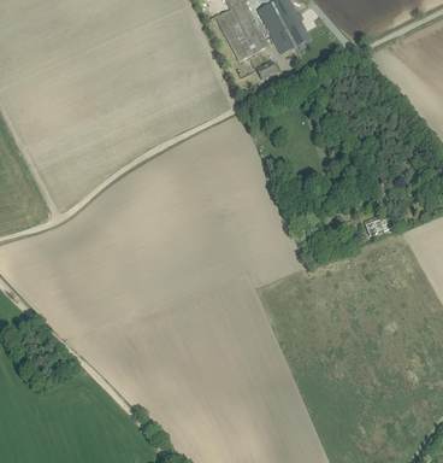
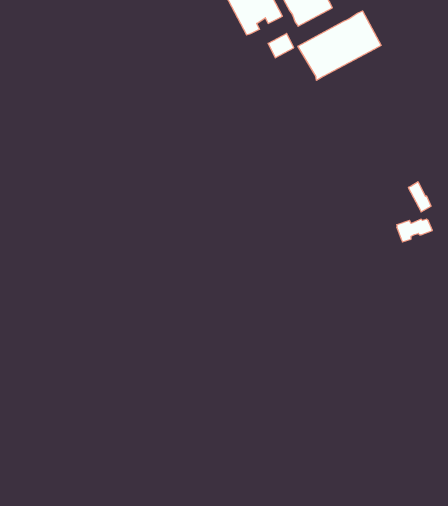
building: none -> [298,11,381,80]

